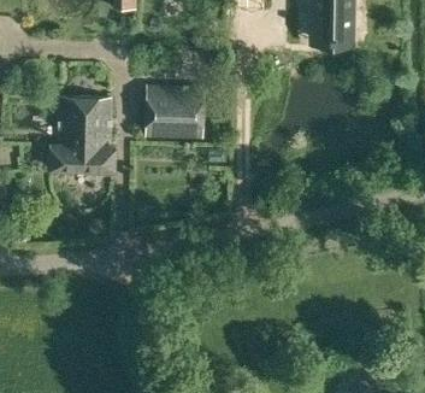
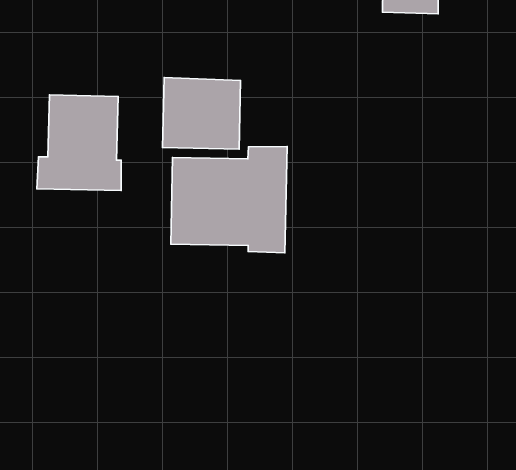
building: none -> [171,146,287,253]

